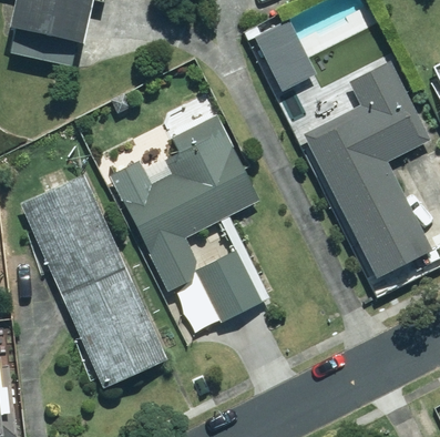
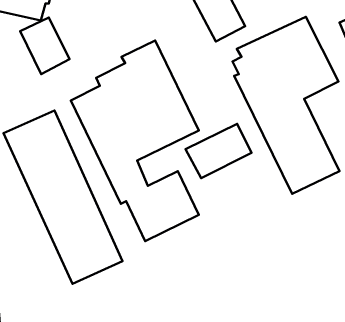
building: none -> [20,17,70,74]
building: none -> [185,124,252,178]

